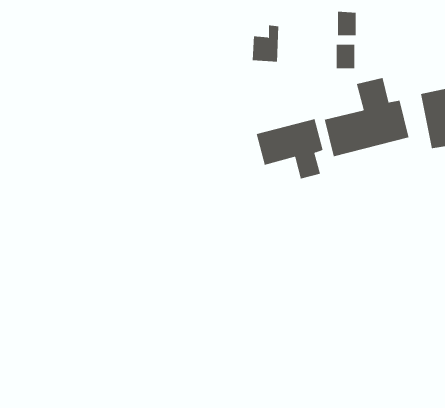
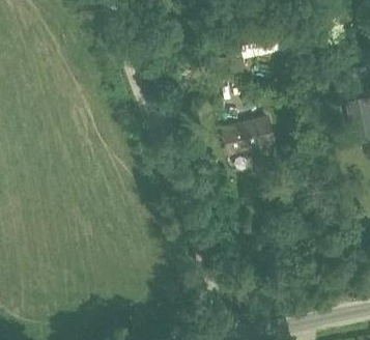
building: [324,77,409,157] -> none

